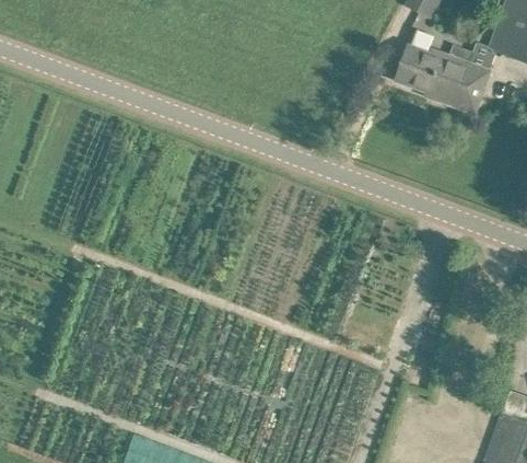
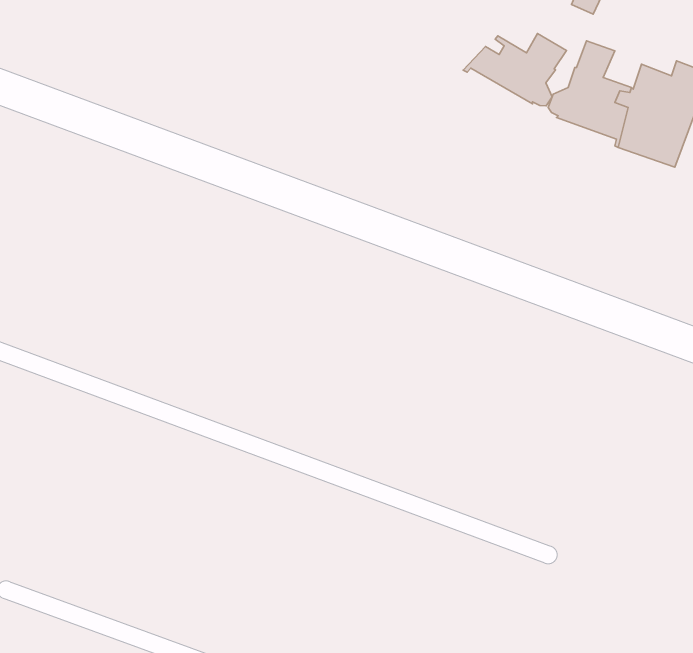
building: none -> [463,33,567,106]

